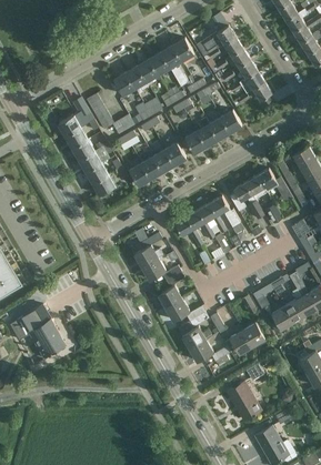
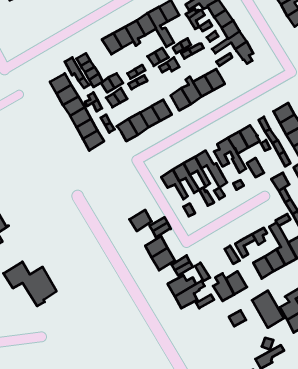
building: [133,233,162,269] -> none
building: [227,382,260,421] -> [252,291,284,328]

